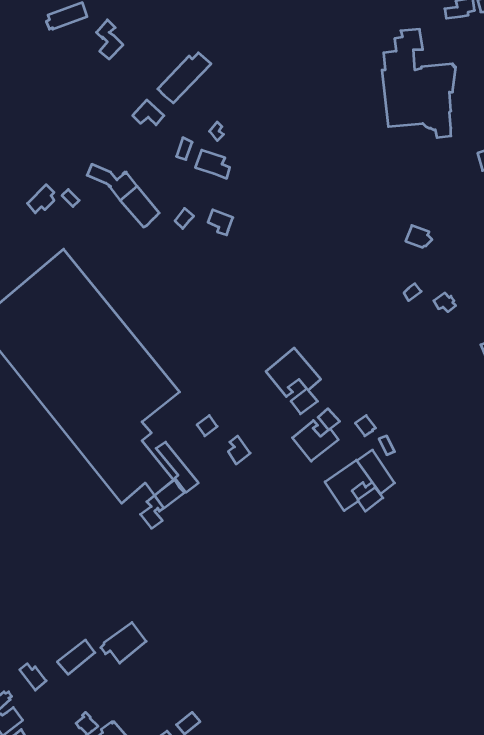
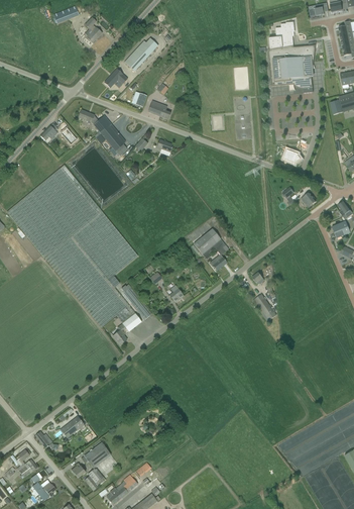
building: [292,409,340,461] -> none
building: [325,460,383,511] -> none
building: [101,622,146,663] -> [82,442,111,469]

